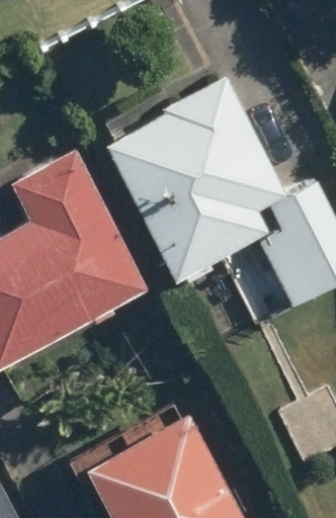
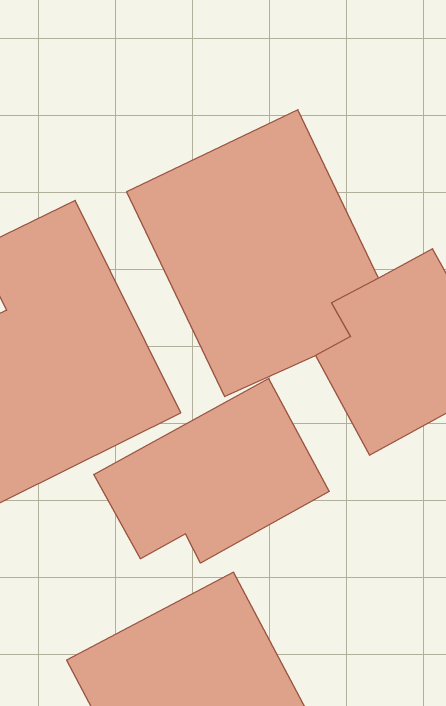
building: none -> [94,379,329,563]

